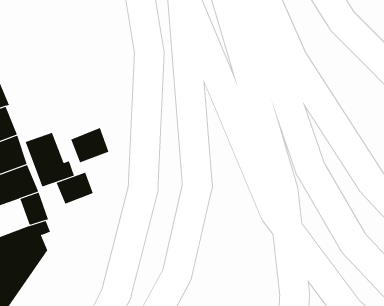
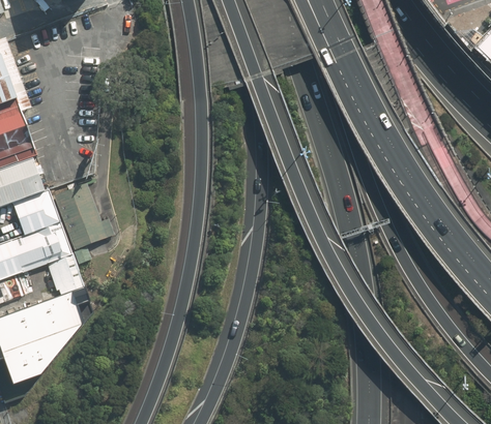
building: [70,127,109,163] -> none
building: [56,172,94,204] -> none

